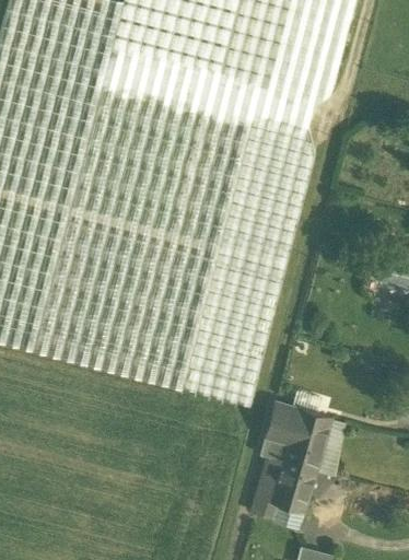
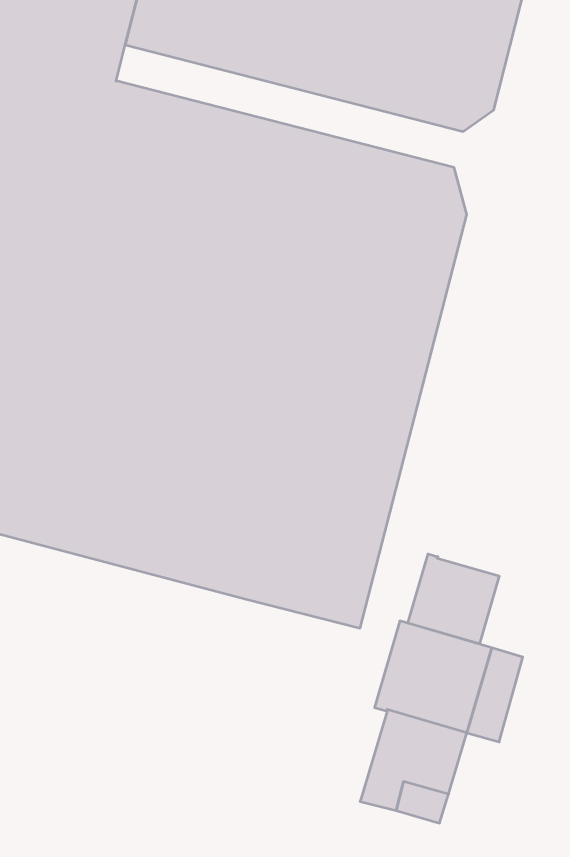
building: [103,52,313,127] -> none
building: none -> [408,554,499,644]

